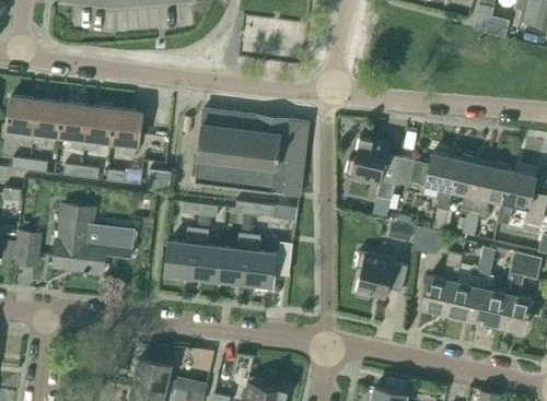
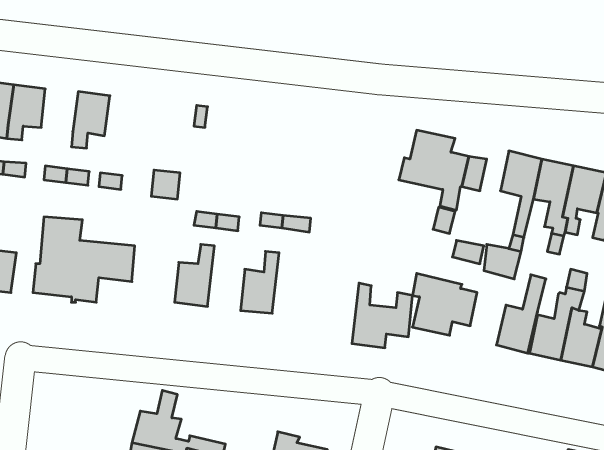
building: [60,104,90,150] -> none
building: [195,108,307,194] -> none
building: [110,109,141,155] -> none
building: [193,228,222,280] -> none
building: [244,234,292,285] -> [352,283,412,348]

